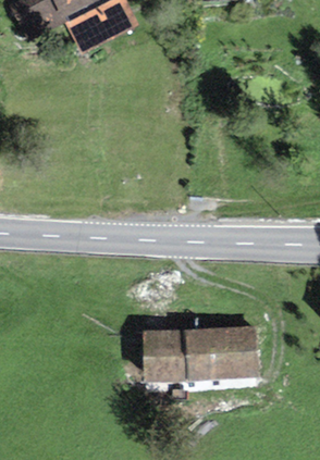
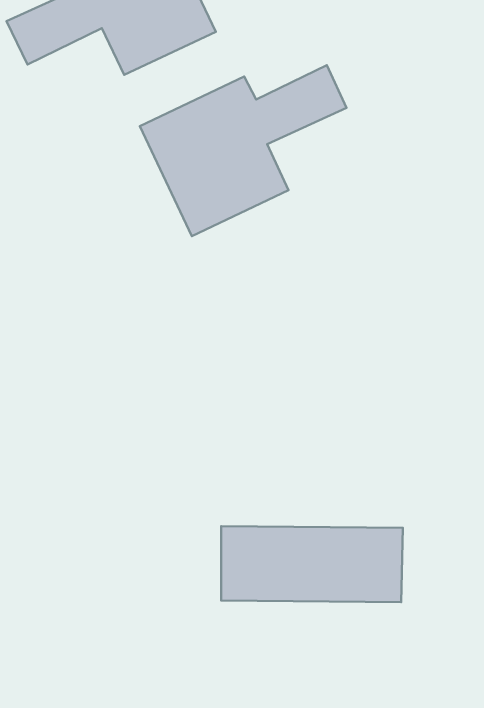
building: none -> [140,65,347,236]

